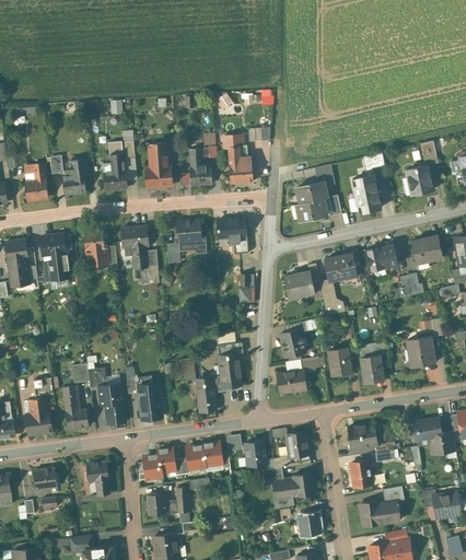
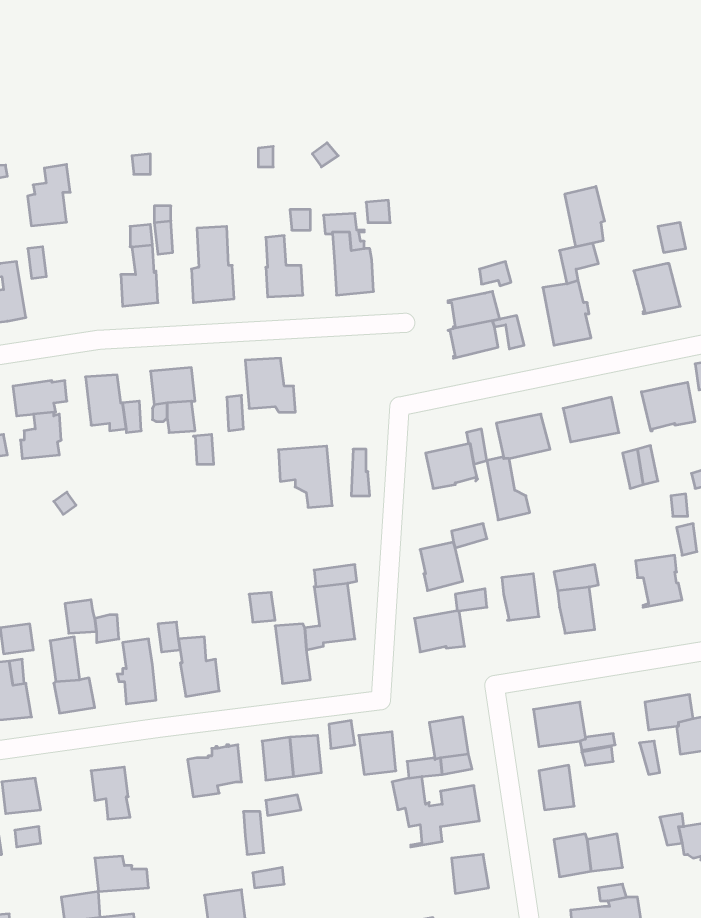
building: none -> [565,186,605,247]
building: [62,159,88,195] -> [28,164,70,226]
building: [217,218,248,254] -> [278,446,332,507]
building: [147,494,178,515] -> [95,856,149,892]

